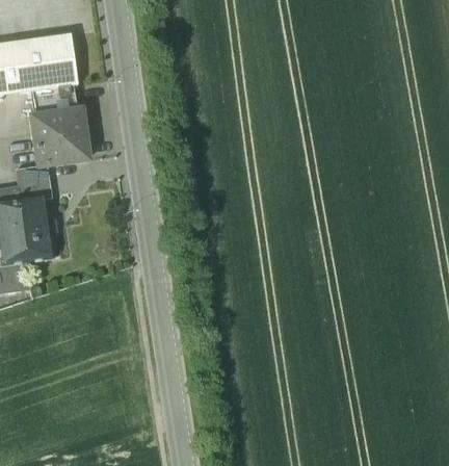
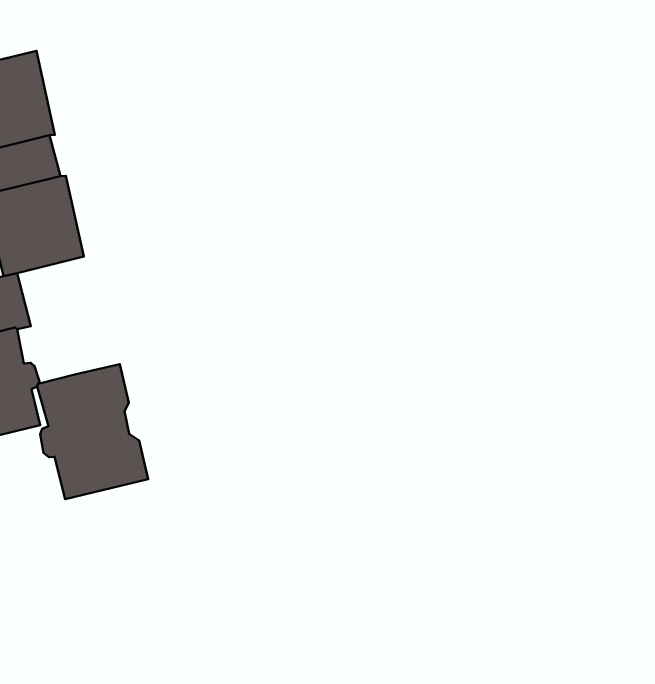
building: none -> [37,364,148,499]

